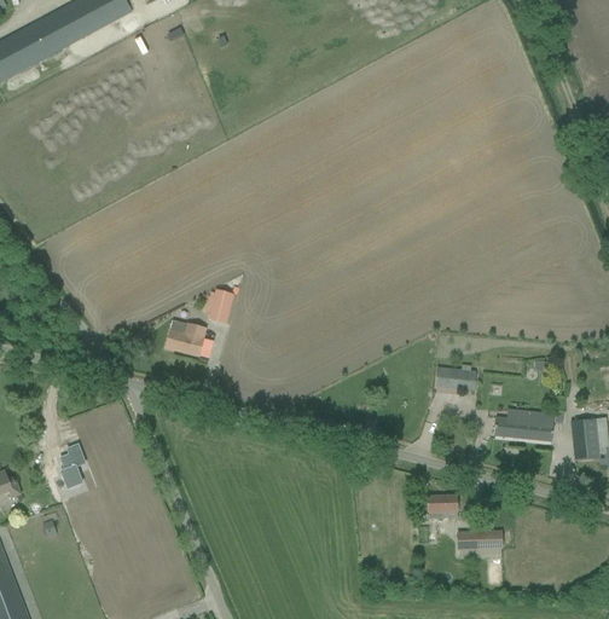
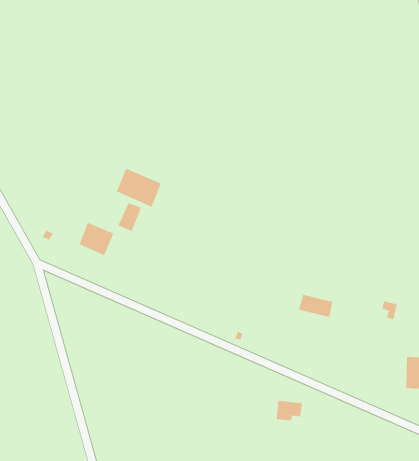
building: none -> [116,168,162,207]
building: [494,410,553,441] -> none
building: [457,531,501,549] -> none

